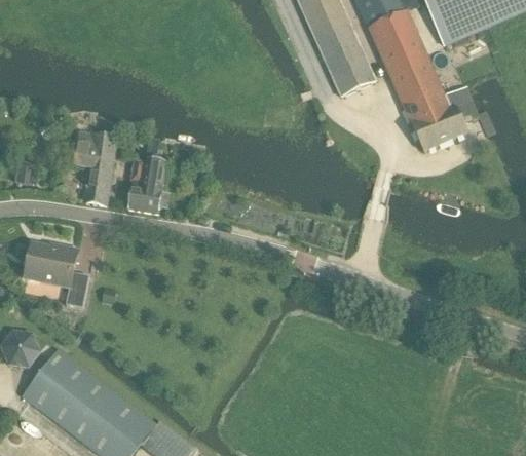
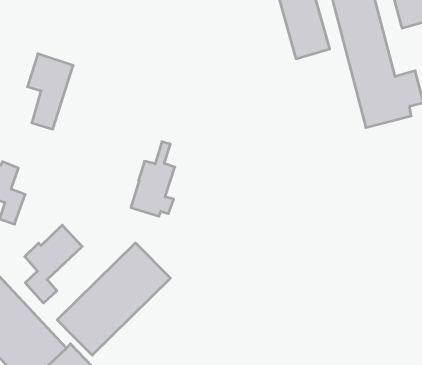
building: [127,136,170,212] -> [131,142,175,216]
building: none -> [25,225,82,303]
building: none -> [57,243,170,355]

